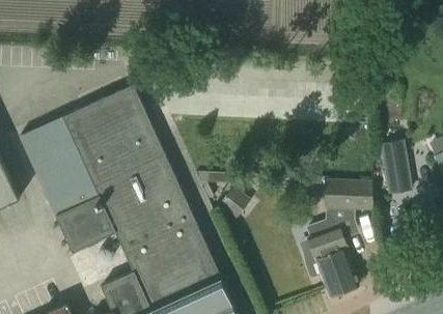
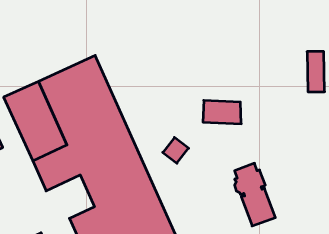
building: [383,142,405,192] -> [307,52,325,92]
building: [326,181,373,210] -> [203,100,241,124]

